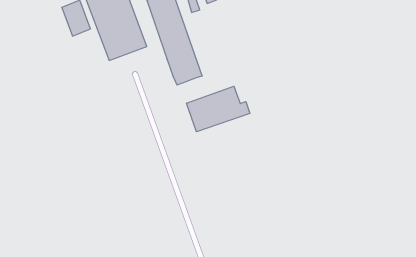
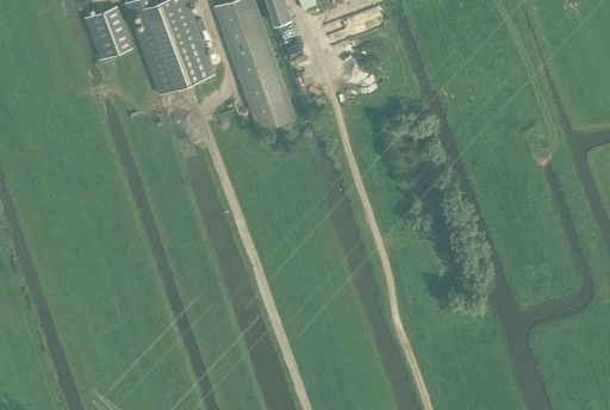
building: [187,86,250,132] -> none

